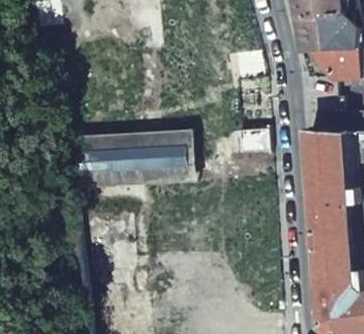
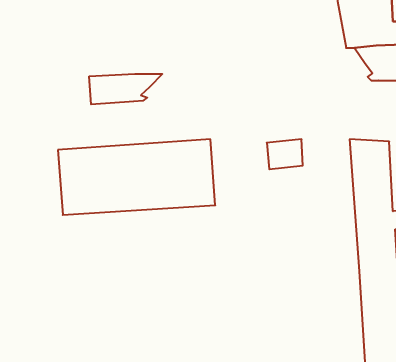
building: none -> [89,74,162,104]

